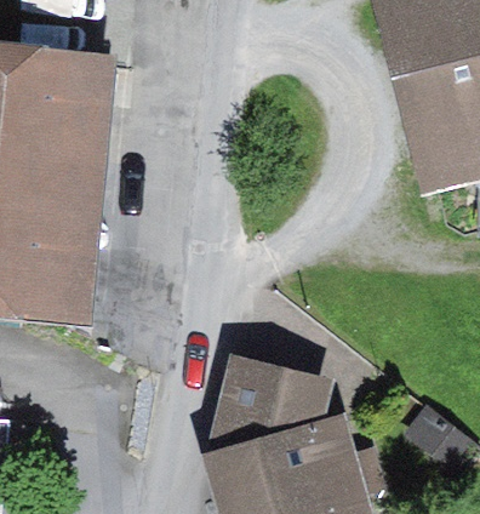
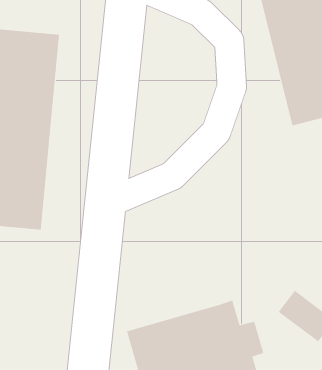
building: [204,354,335,458] -> none

